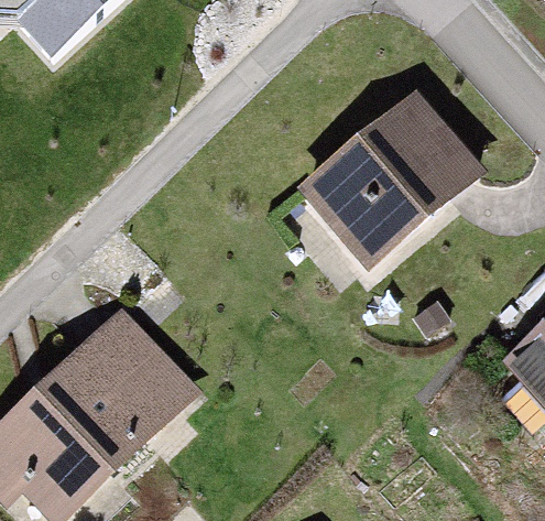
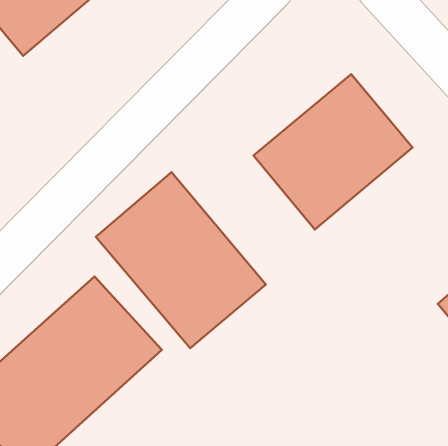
building: none -> [96,172,266,348]

